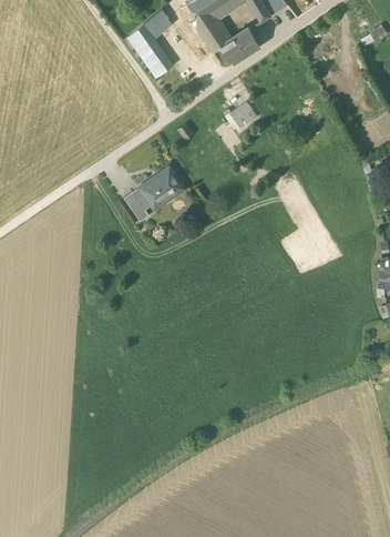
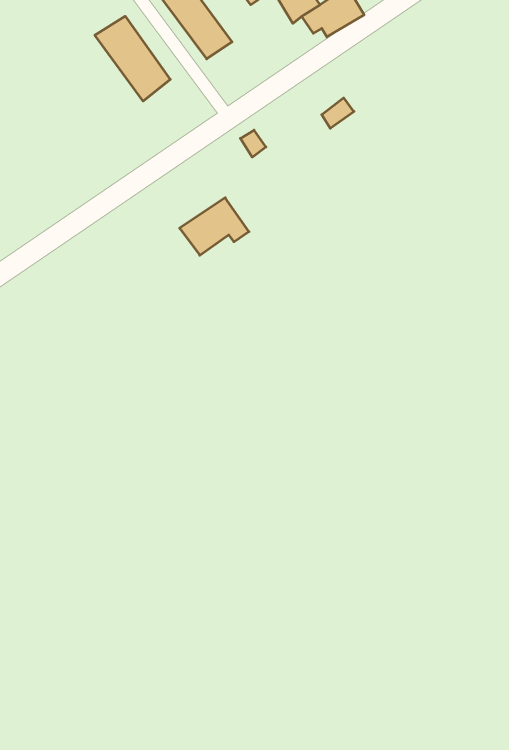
building: none -> [95,16,170,101]
building: [124,186,152,221] -> none

